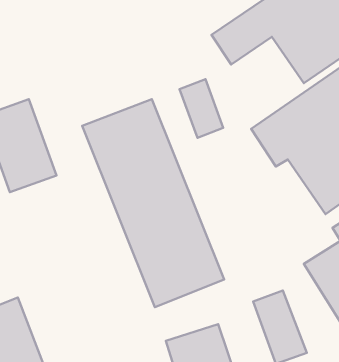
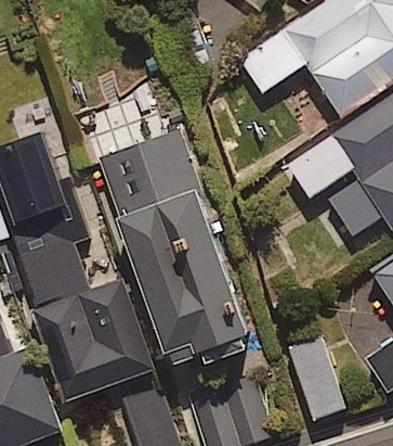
building: none -> [23,239,148,399]

